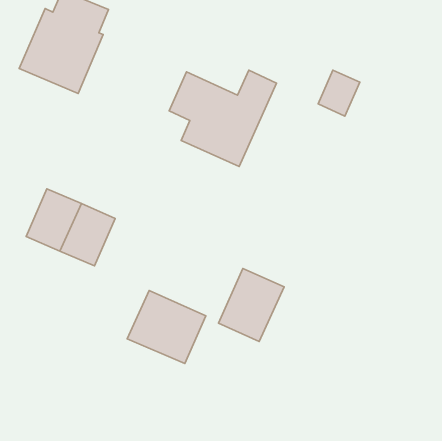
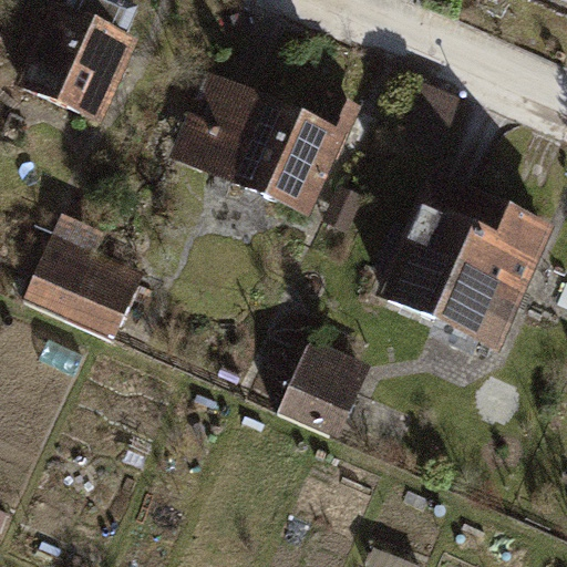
building: none -> [382,183,547,341]
building: [127,291,206,363] -> none

